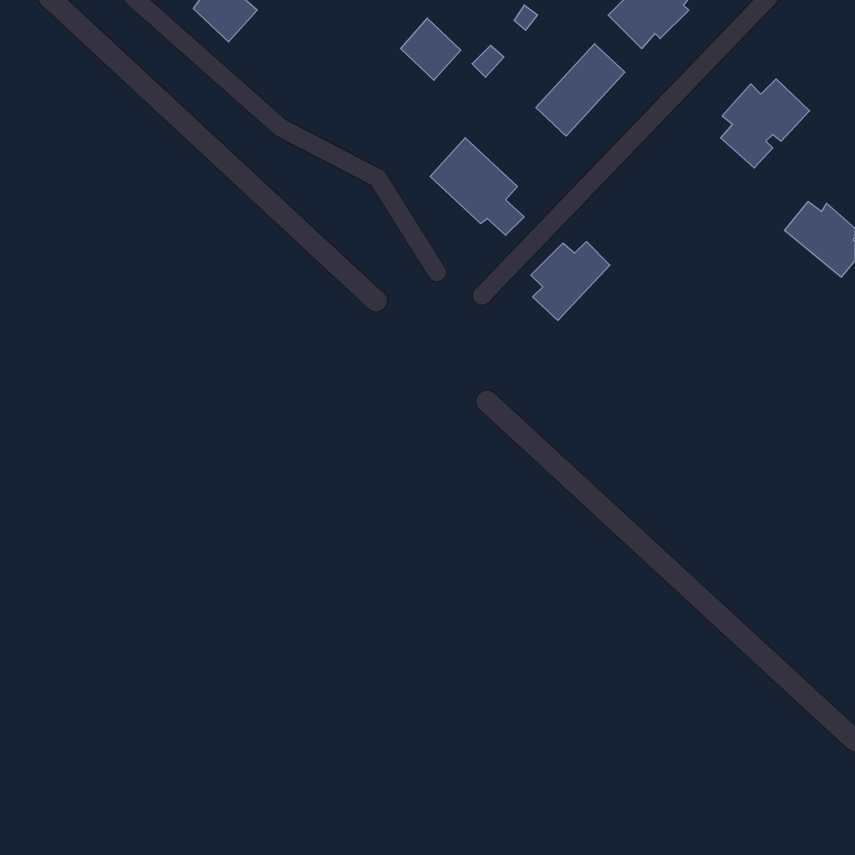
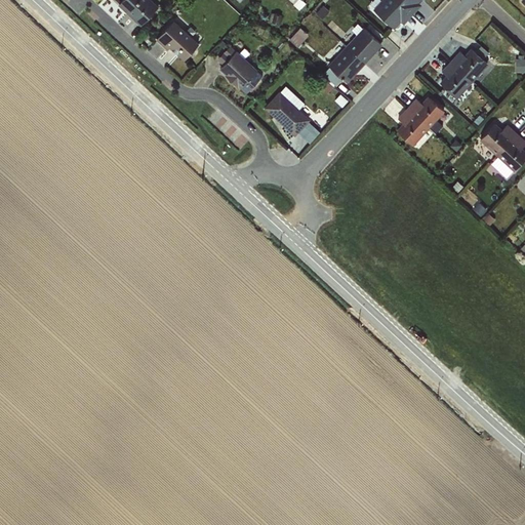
building: [400,18,461,80] -> [218,50,255,88]
building: none -> [155,15,202,59]
building: [531,242,610,320] -> [396,97,444,146]

